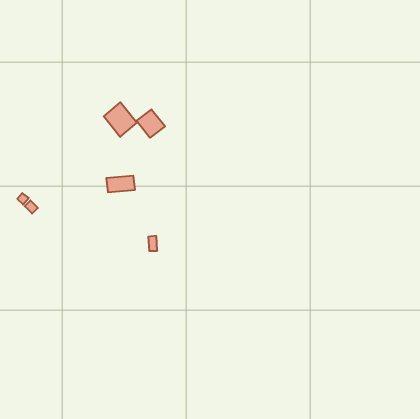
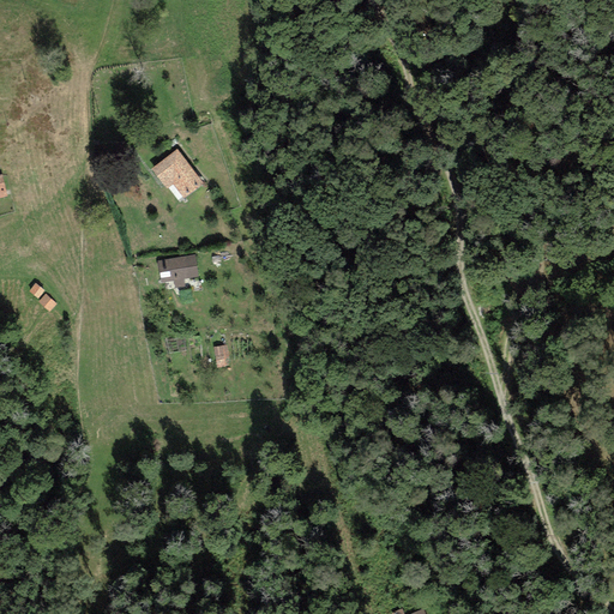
building: [136,109,165,138] -> none

